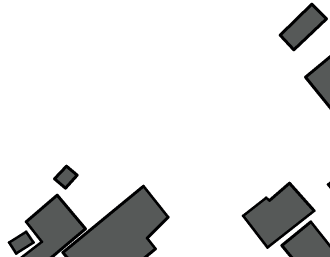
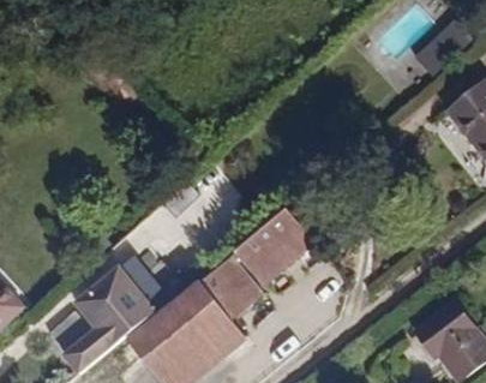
building: none -> [236,208,317,286]
building: [243,183,314,248] -> none

